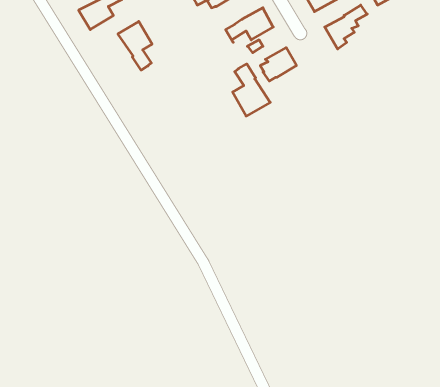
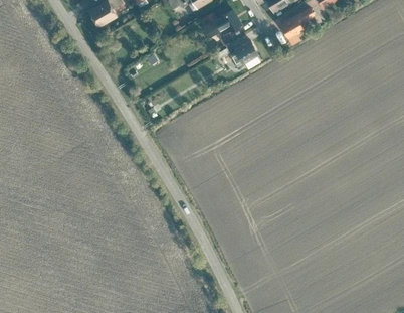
building: [118,21,152,70] -> none
building: [233,64,270,116] -> none

